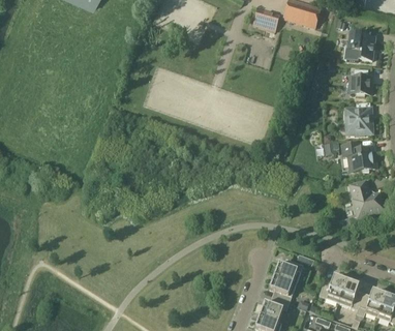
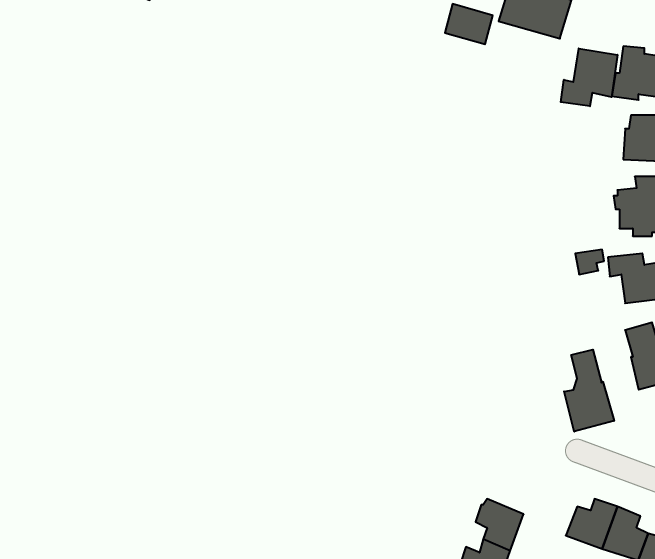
building: none -> [561,48,617,106]
building: none -> [564,350,614,432]
building: [275,259,303,283] -> none

